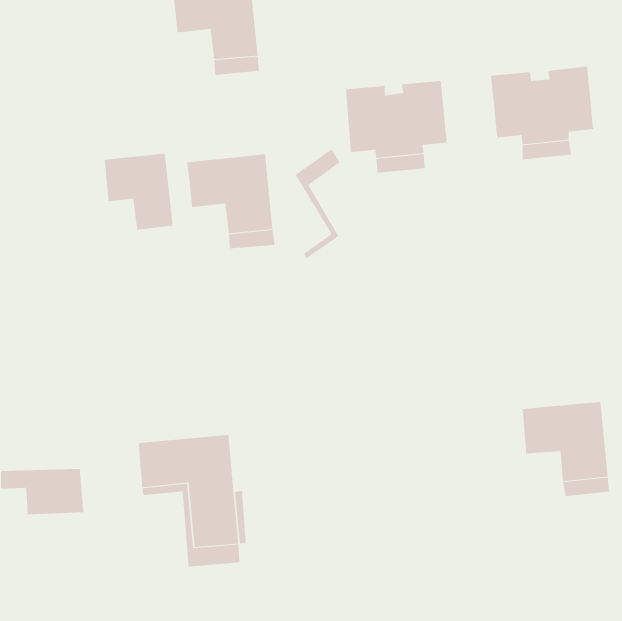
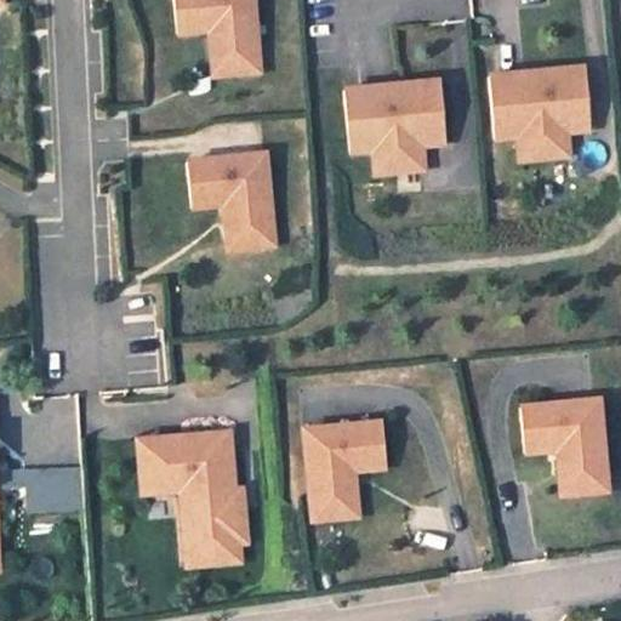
building: [295,148,340,259] -> none
building: [104,153,173,231] -> none
building: none -> [304,421,387,503]

